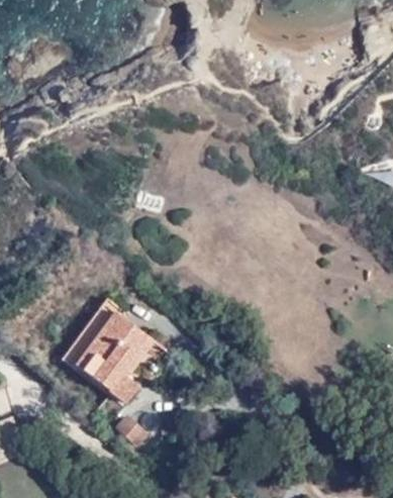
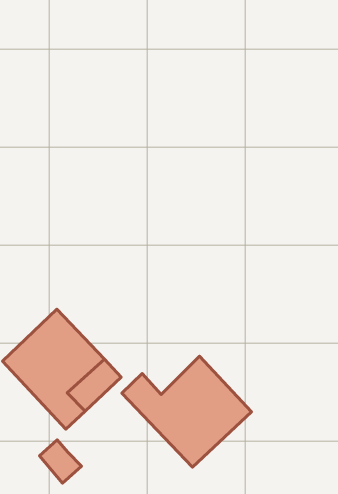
building: none -> [122,356,251,467]

